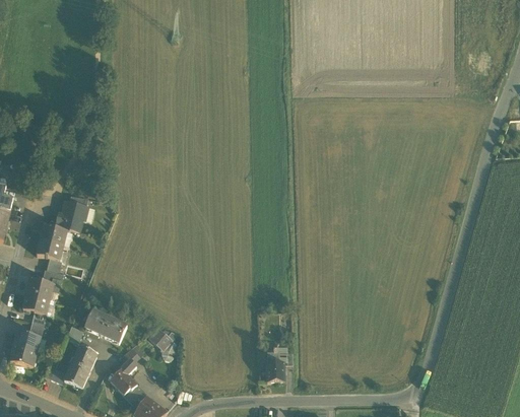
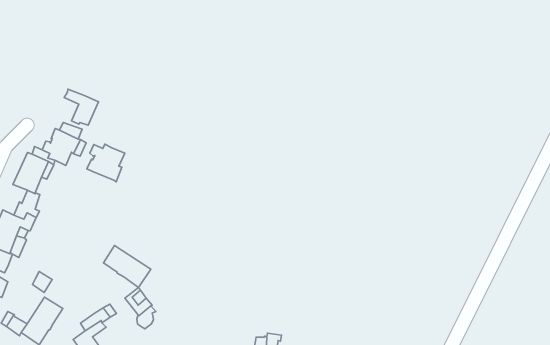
building: none -> [64,89,99,125]
building: none -> [87,144,125,182]
building: [85,311,127,344] -> [103,246,151,287]

